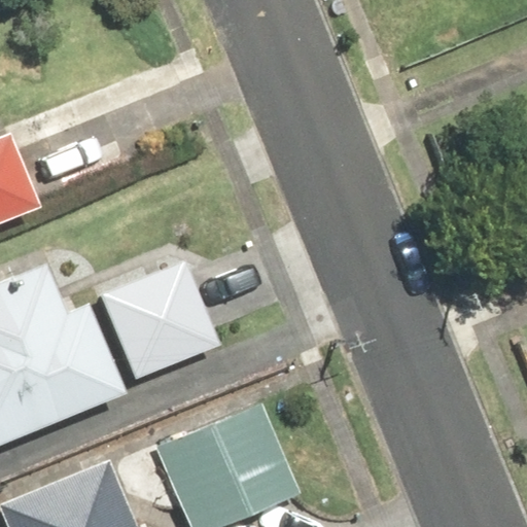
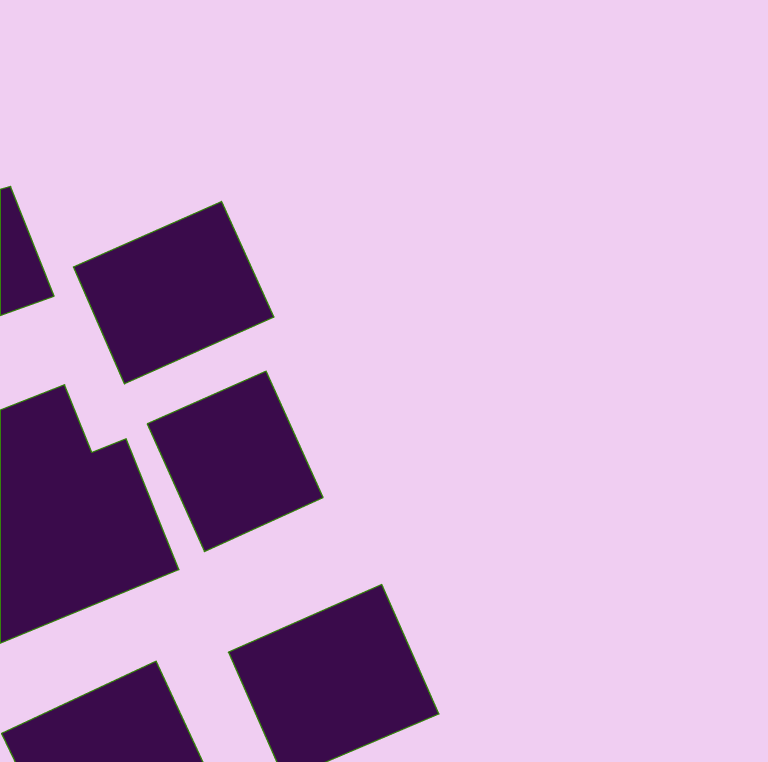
building: none -> [73,201,274,384]

